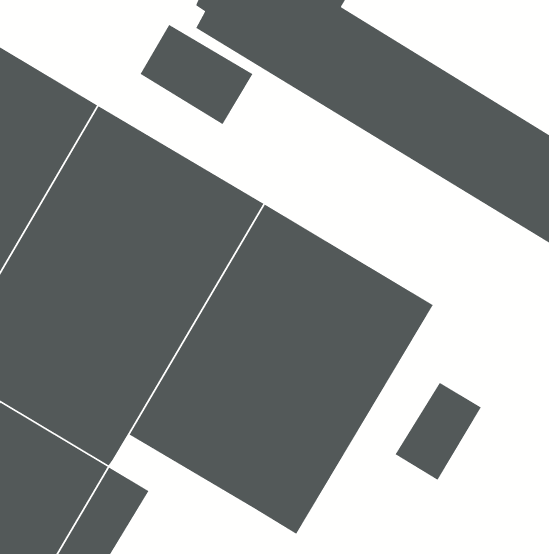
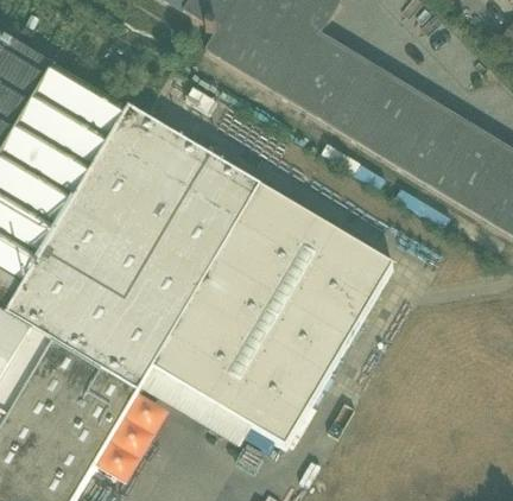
building: [139,24,253,125] -> none
building: [394,382,482,481] -> none
building: none -> [140,364,251,443]

